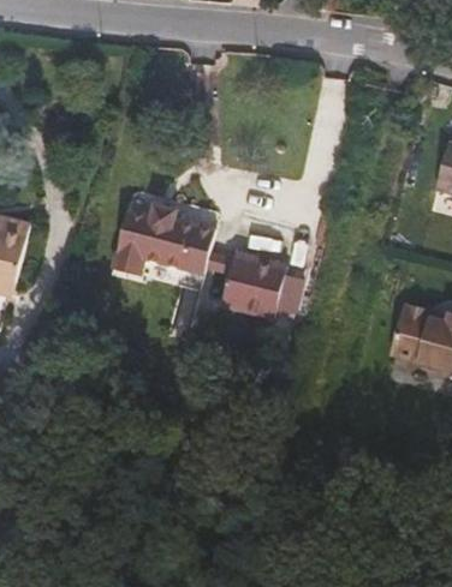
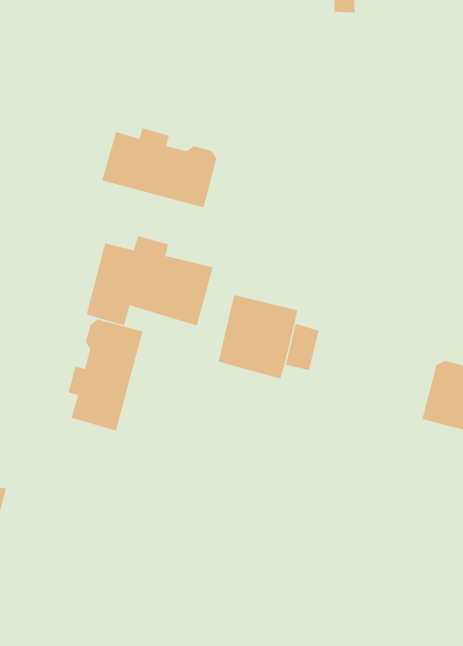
building: none -> [102,128,217,208]
building: none -> [68,319,143,431]

